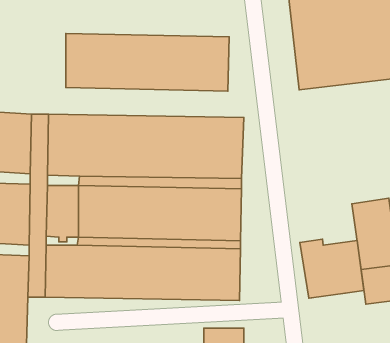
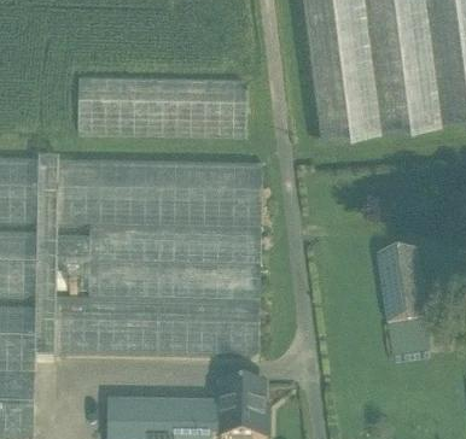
building: [300,239,364,298] -> none

